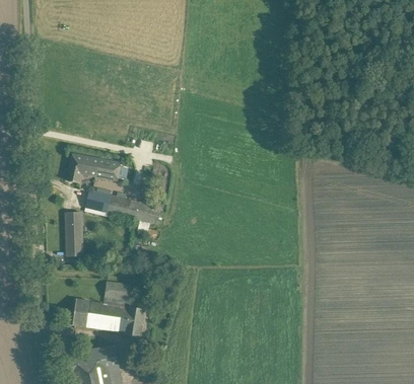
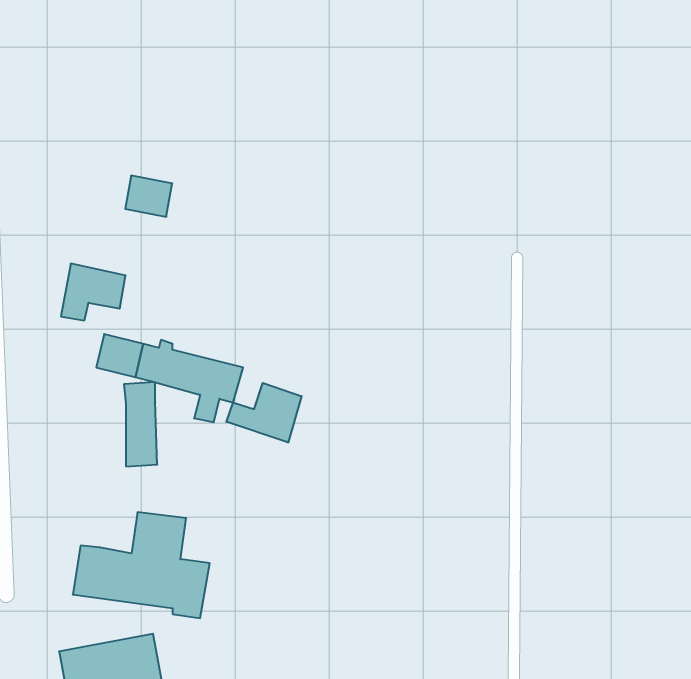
building: [97,159,122,180] -> [125,176,172,217]
building: [65,212,82,255] -> [124,382,157,466]
building: none -> [226,383,302,443]

